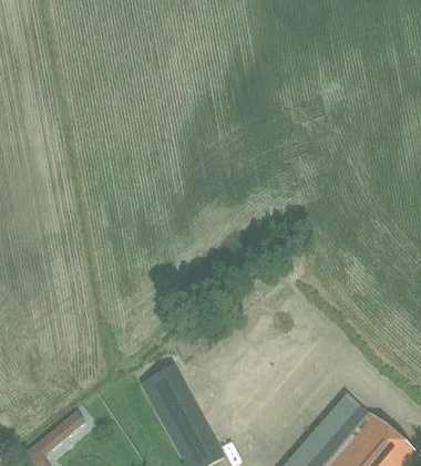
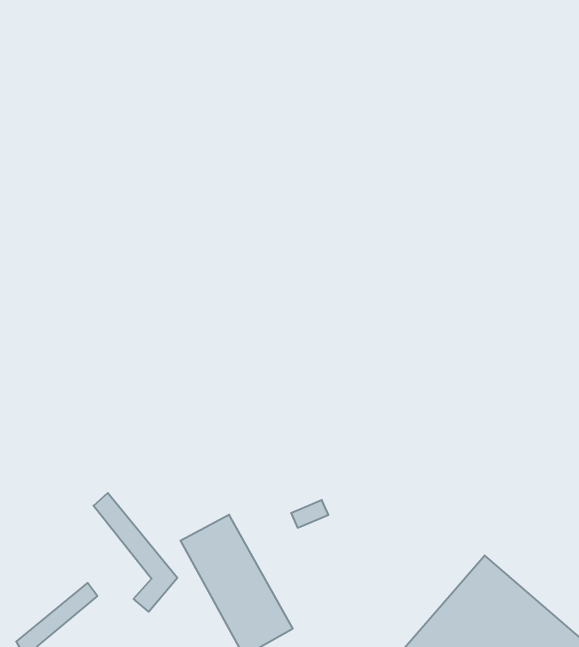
building: none -> [93,493,177,612]

